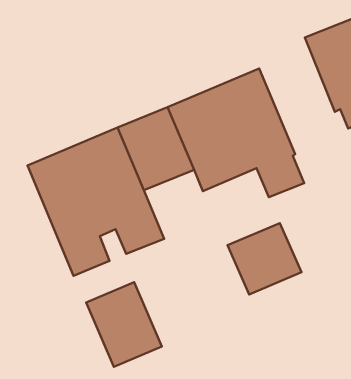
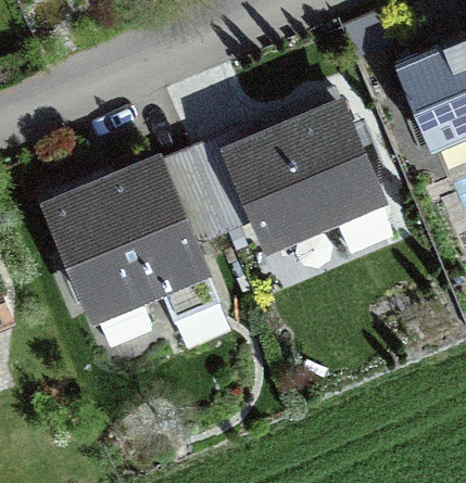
building: [227,223,302,295] -> none
building: [86,282,162,367] -> none

